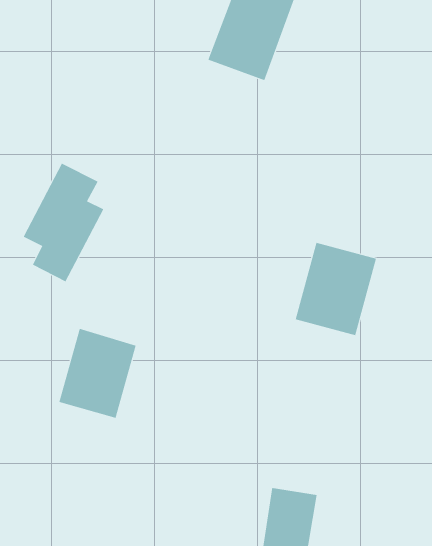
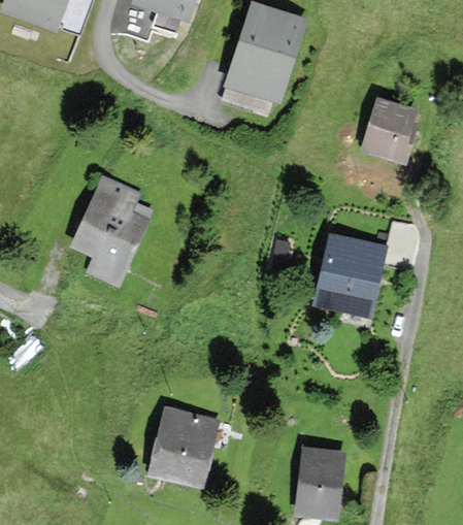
building: none -> [363,100,419,162]
building: [59,328,137,418] -> [151,409,216,486]

